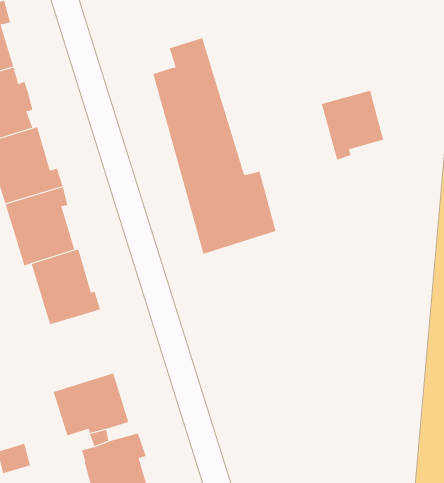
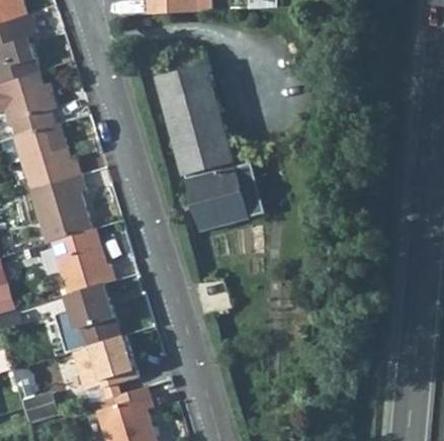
building: [321,90,384,160] -> none
building: none -> [54,283,120,353]

